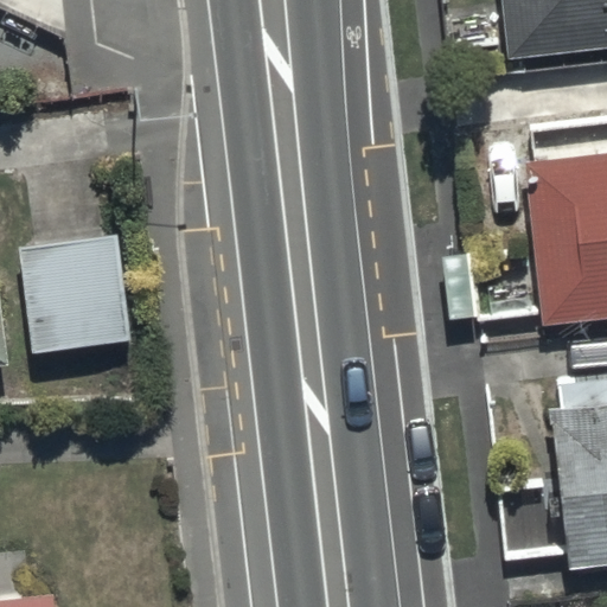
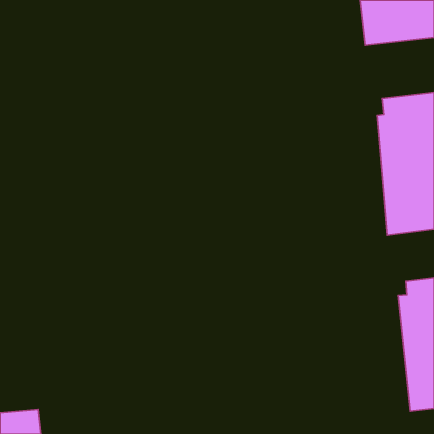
building: [14,217,123,331] -> none

